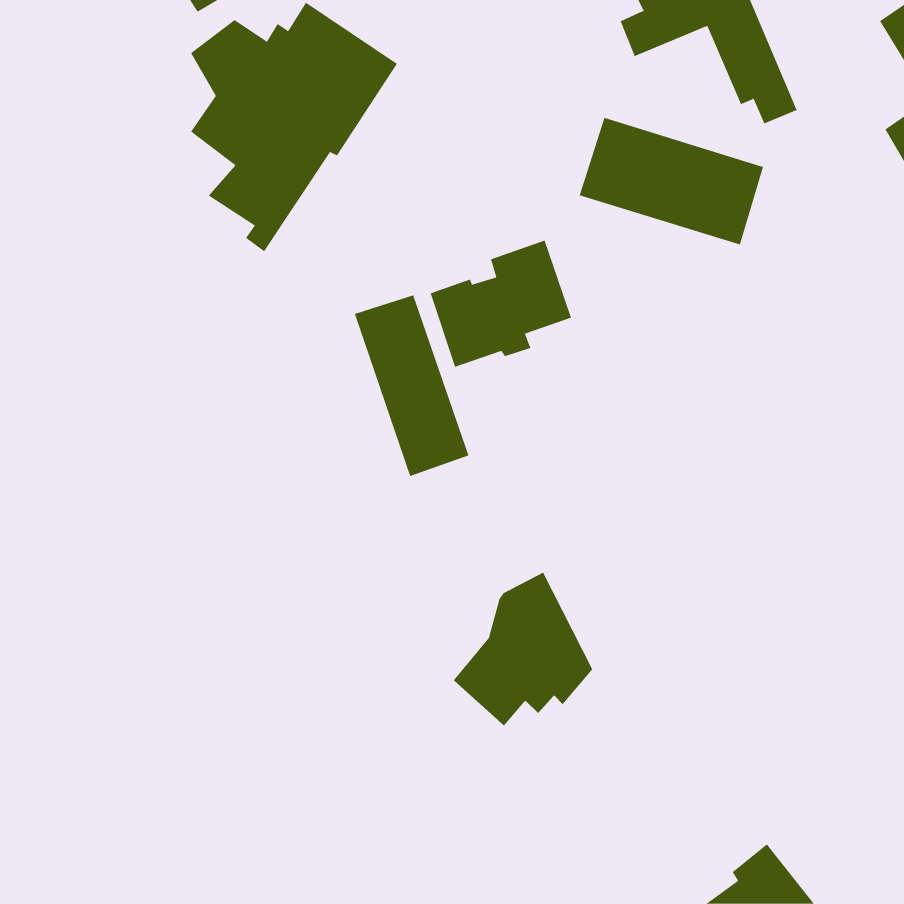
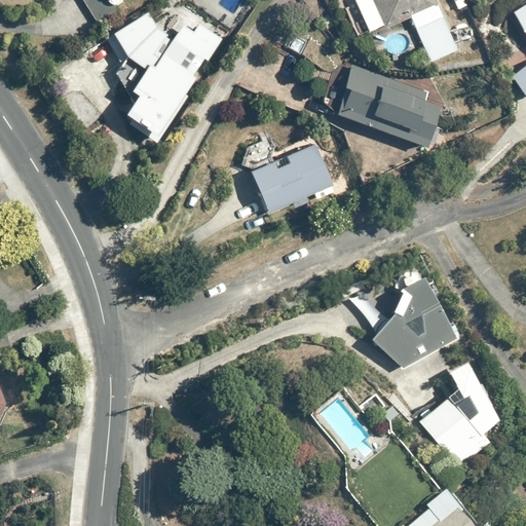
building: [354,294,469,477] -> none
building: [453,572,593,726] -> [372,278,453,368]
building: none -> [422,362,500,467]

